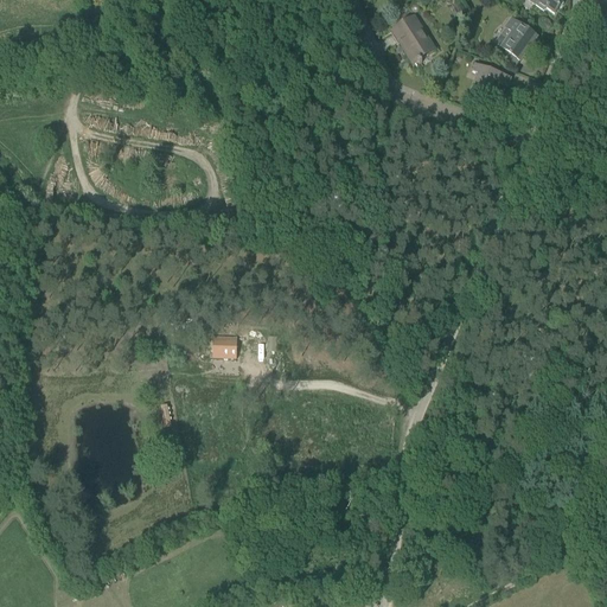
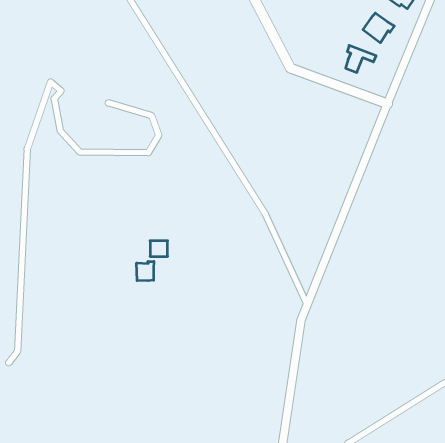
building: [392,14,436,62] -> none
building: none -> [137,261,154,281]

